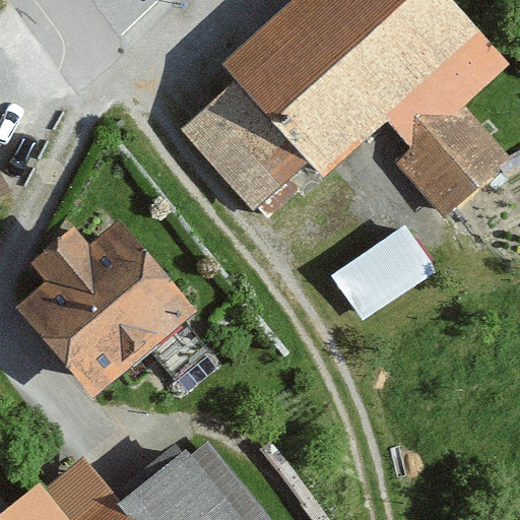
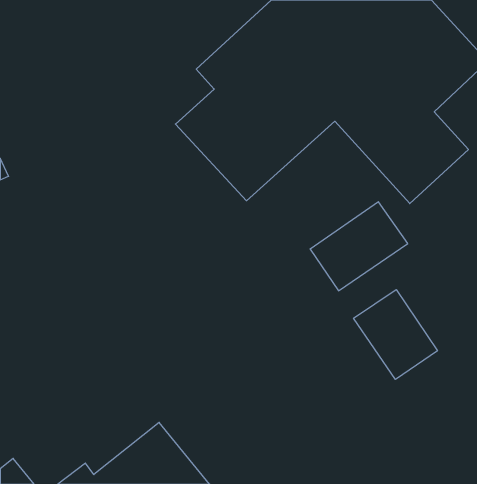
building: [16,223,187,395] -> none
building: none -> [354,290,437,379]

